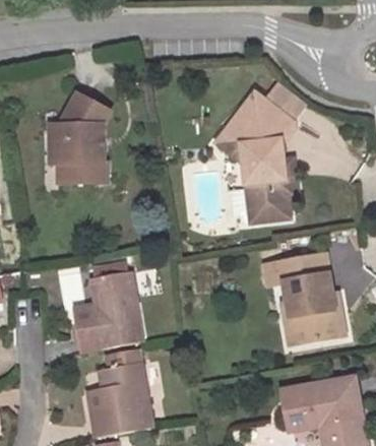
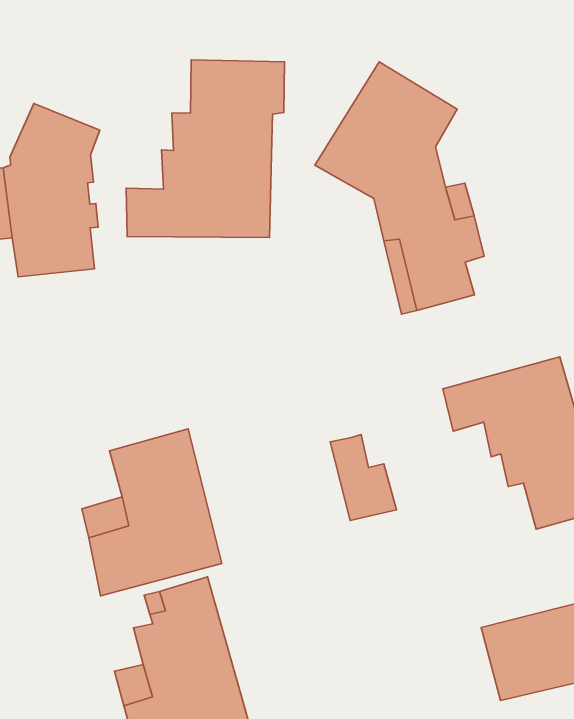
building: none -> [126,60,285,238]
building: [279,300,310,343] -> [330,435,396,521]

